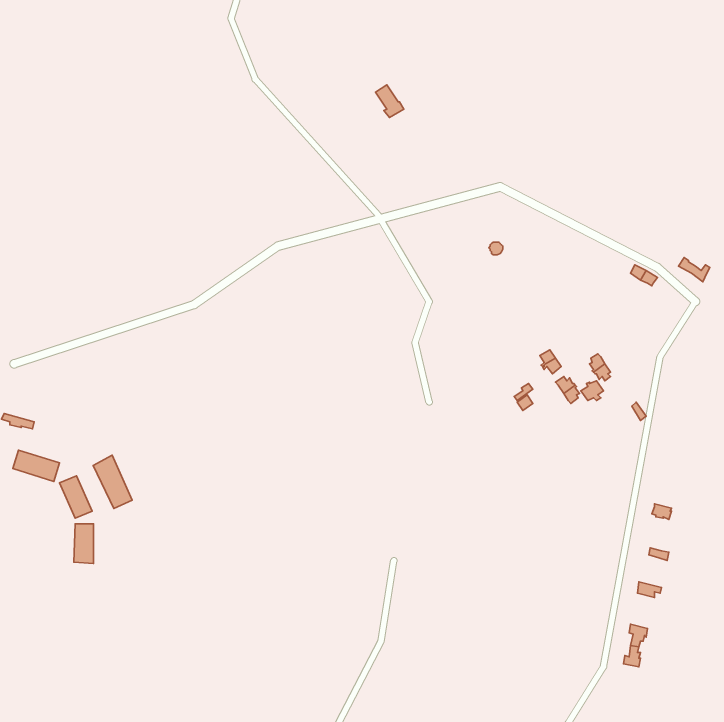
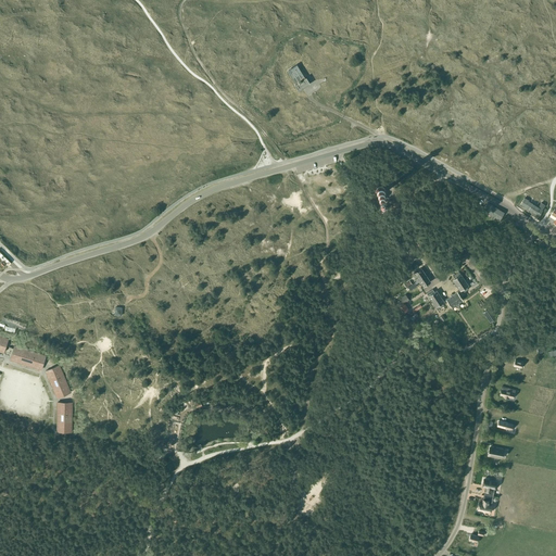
building: [93,455,132,508] -> none

